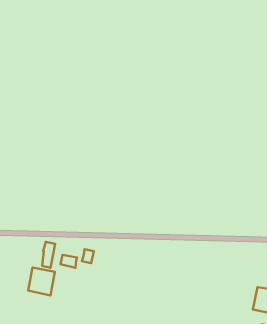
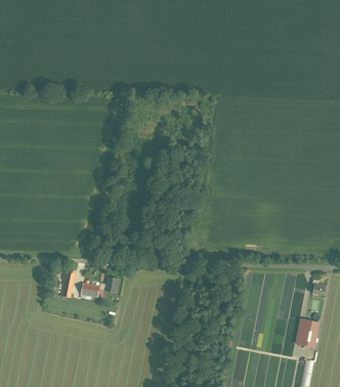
building: [28,268,55,296] -> none

